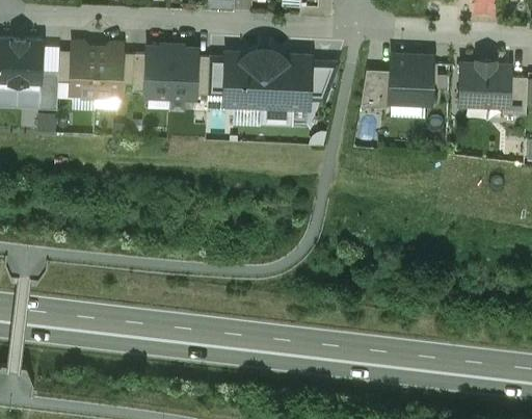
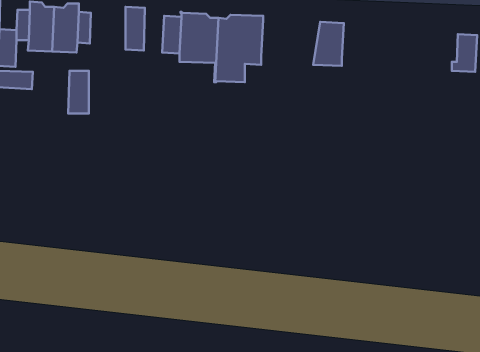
building: [149,49,169,93] -> [68,71,89,114]
building: [390,57,431,103] -> none
building: [460,60,509,105] -> none
building: [308,62,338,101] -> none

